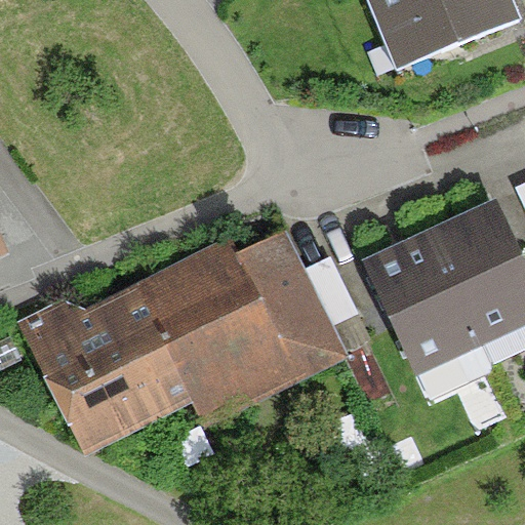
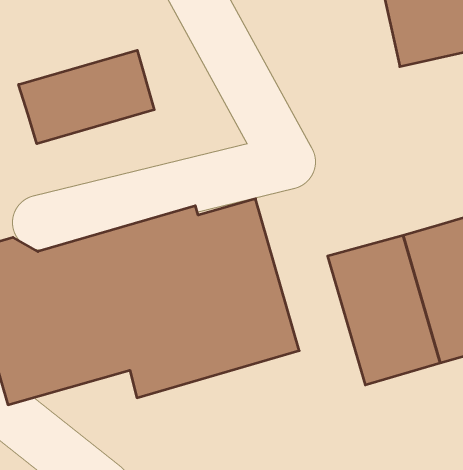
building: none -> [19,50,154,144]

